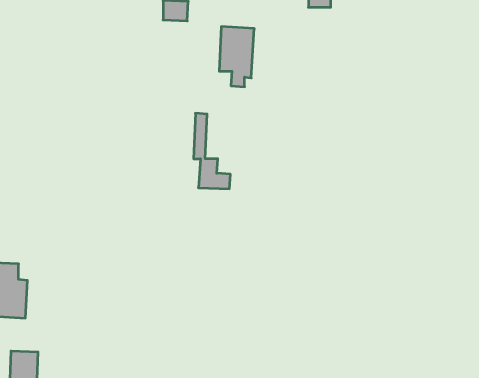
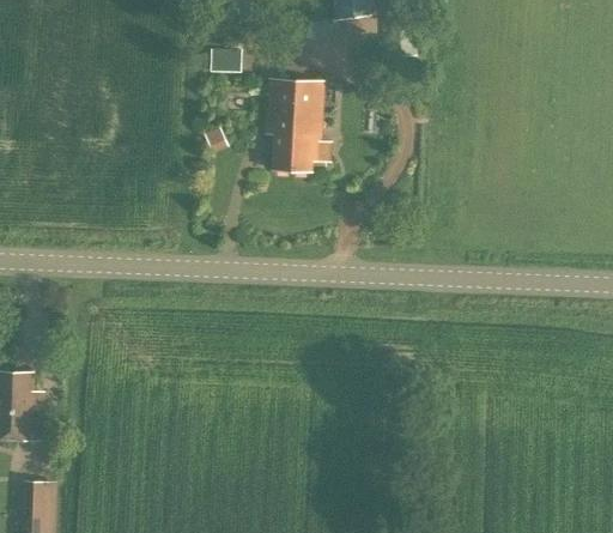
building: [194,113,230,189] -> [266,77,311,170]

